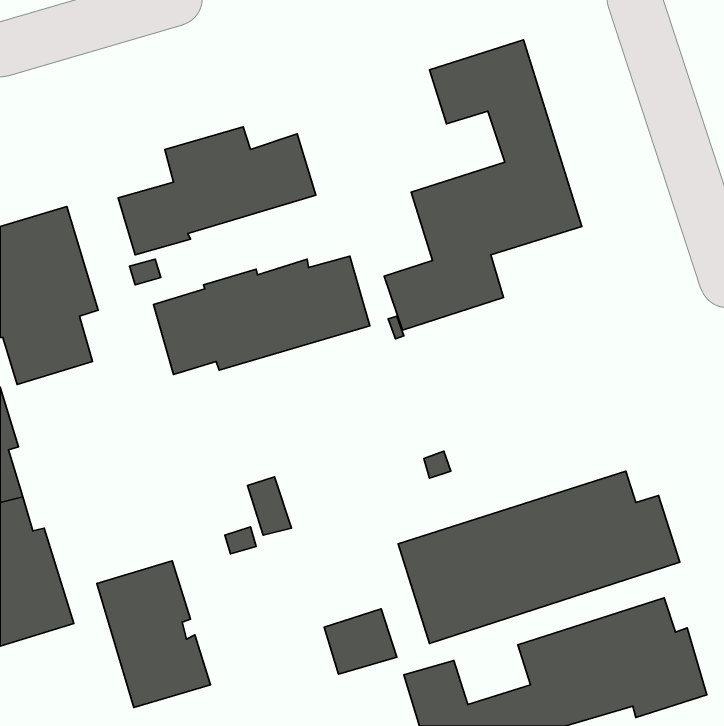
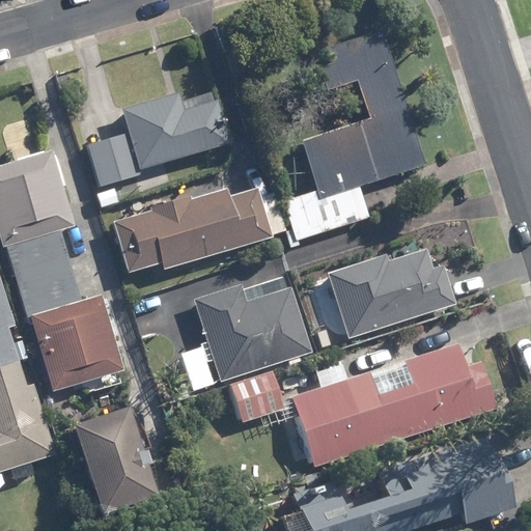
building: none -> [328,248,457,339]
building: none -> [15,263,122,392]
building: none -> [194,283,312,383]
building: [324,609,397,674] -> [231,374,284,422]

